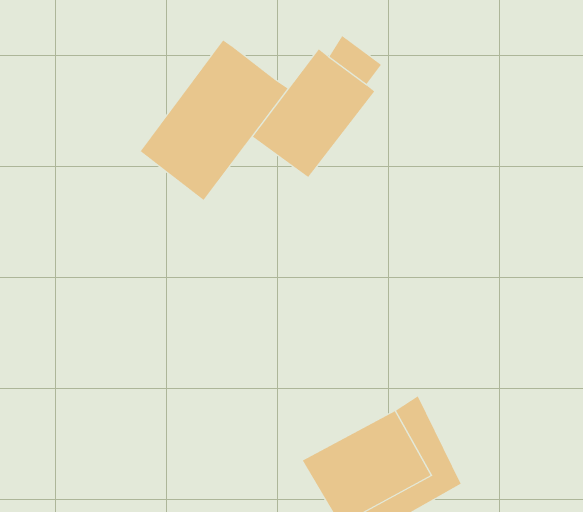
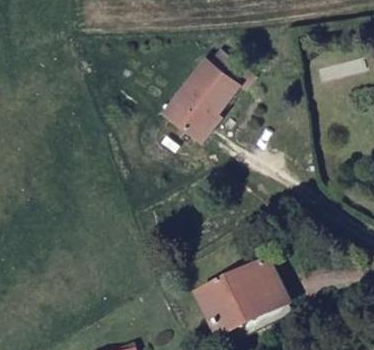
building: [140,39,289,201] -> none

